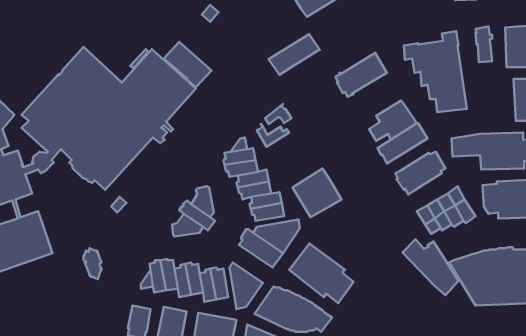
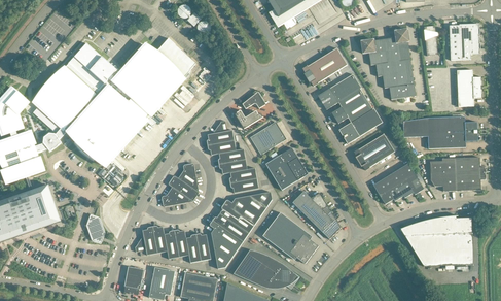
building: [269,34,320,75] -> [317,74,361,109]
building: none -> [249,122,286,155]
building: [402,239,459,295] -> [292,191,341,239]
building: none -> [209,213,248,246]

